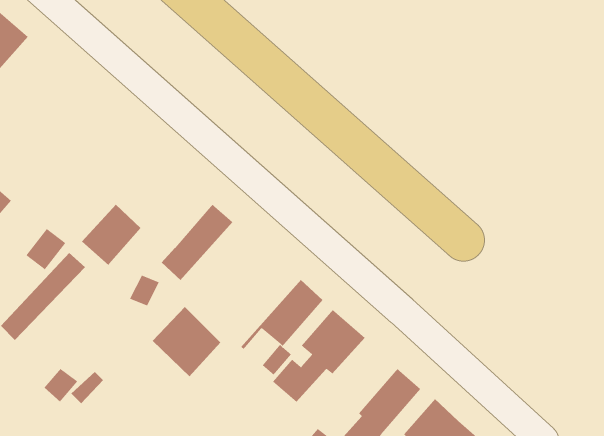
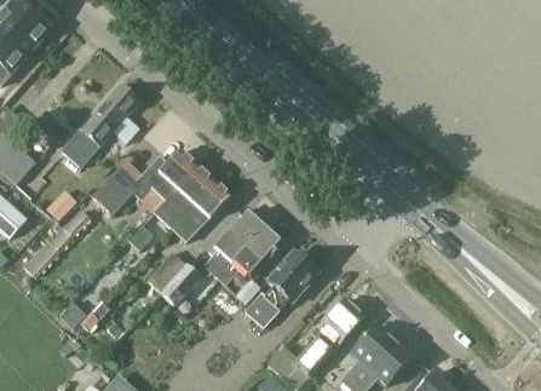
building: none -> [64,85,142,167]
building: none -> [139,149,196,200]
building: none -> [171,179,230,241]
building: none -> [205,208,267,280]

